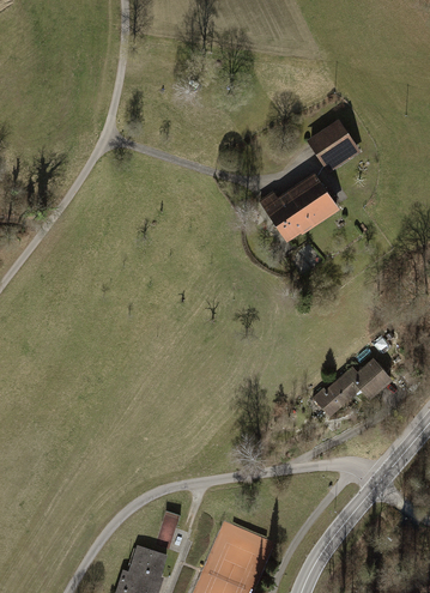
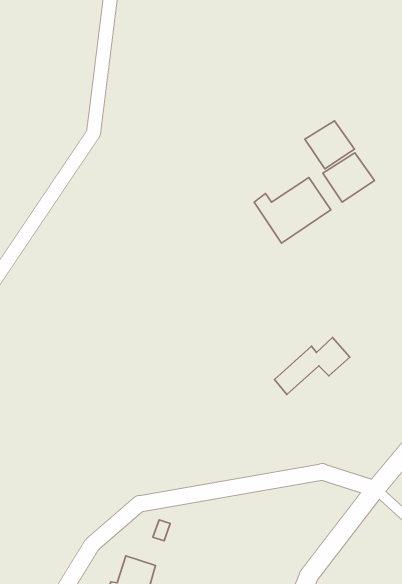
building: none -> [323,153,375,202]
building: [316,358,389,413] -> [274,338,350,394]

